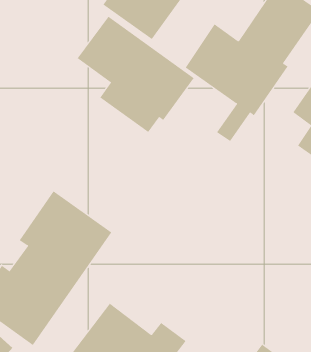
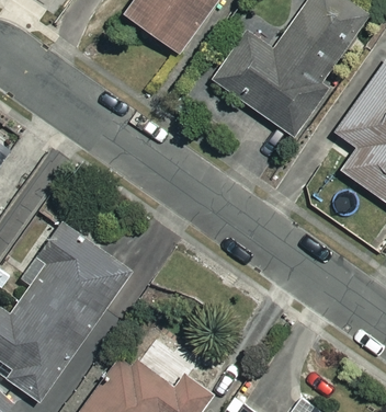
building: [77,16,194,133] -> none

